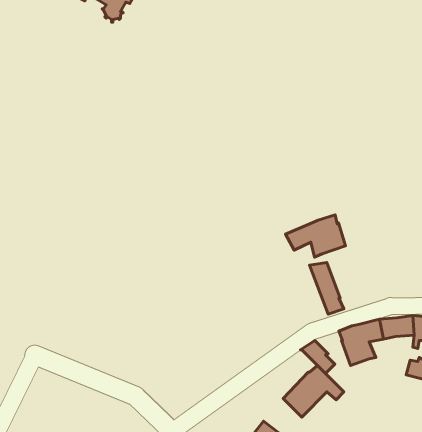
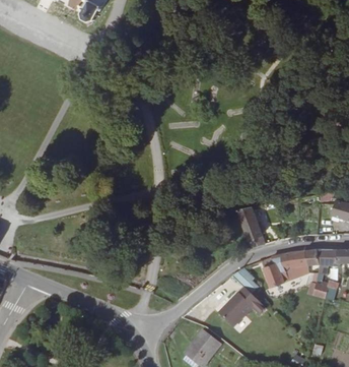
building: [285,215,345,257] -> none

